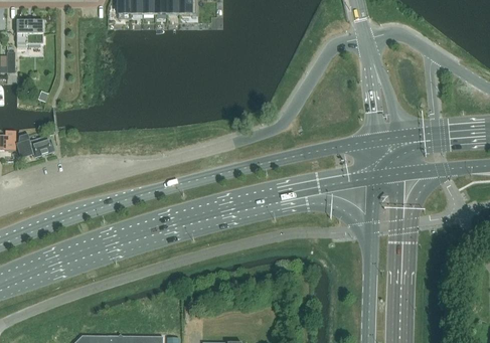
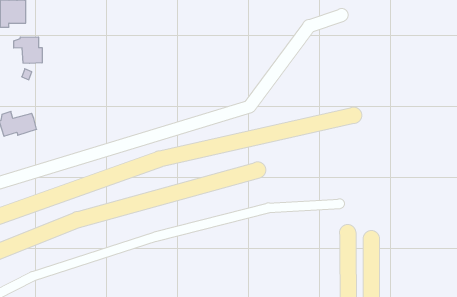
building: none -> [14,37,42,63]

